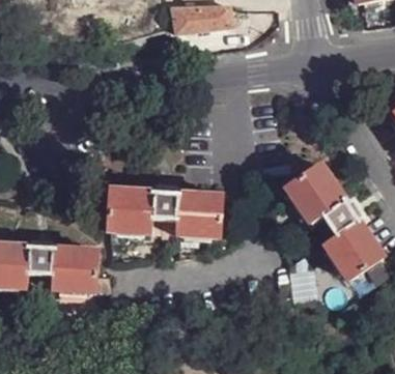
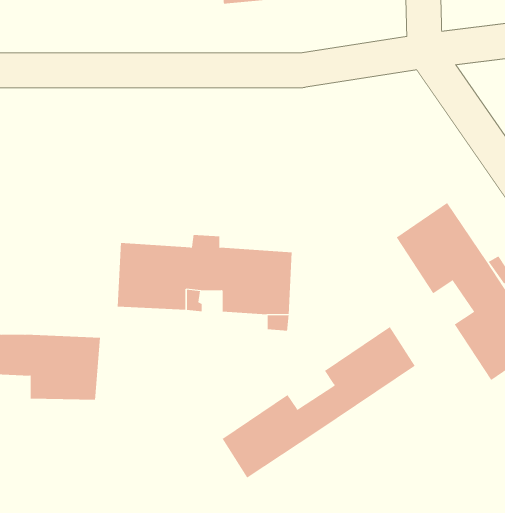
building: none -> [222,326,415,479]

